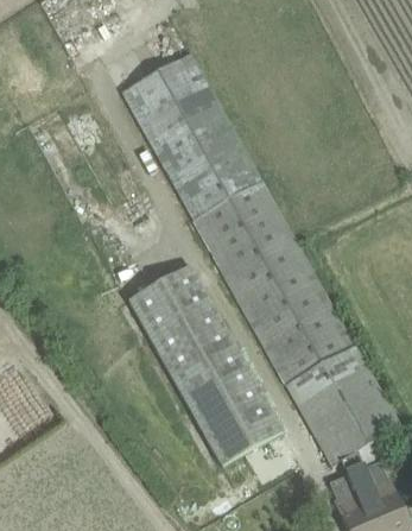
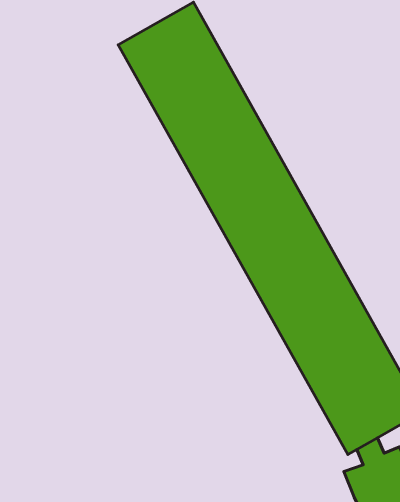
building: [128,264,283,464] -> none

